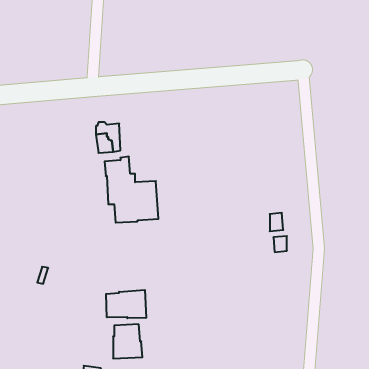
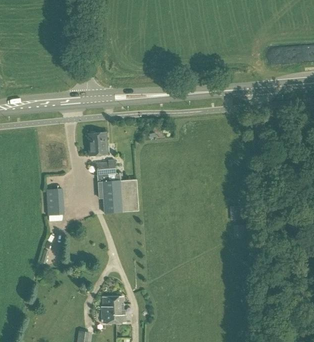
building: none -> [45,187,64,214]
building: [106,290,146,318] -> none

